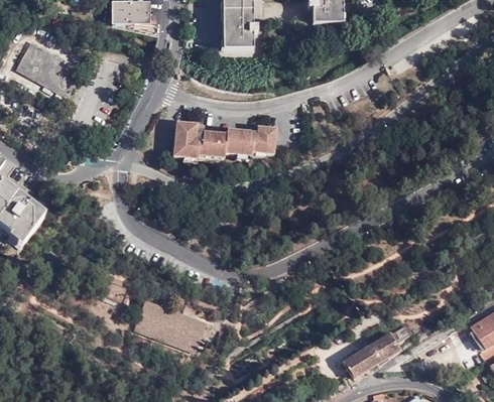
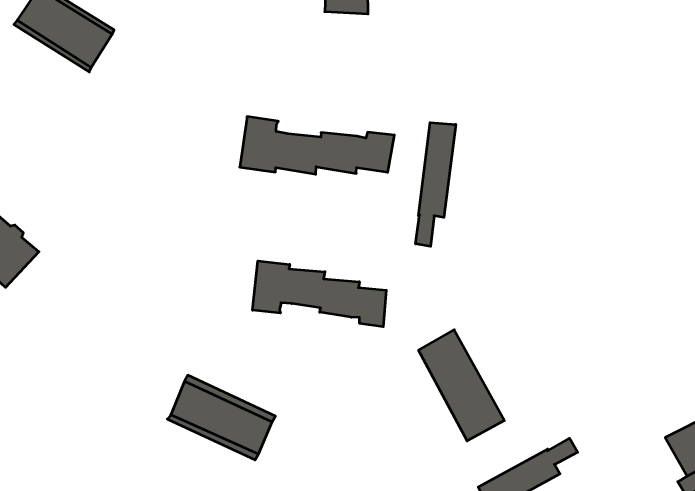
building: none -> [416,123,456,246]
building: none -> [253,261,386,327]
building: none -> [419,330,504,441]

